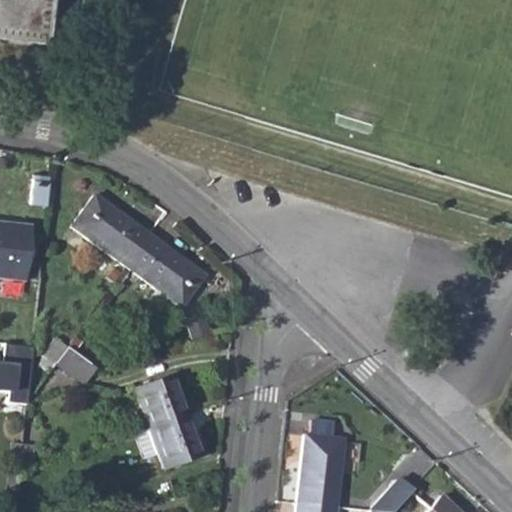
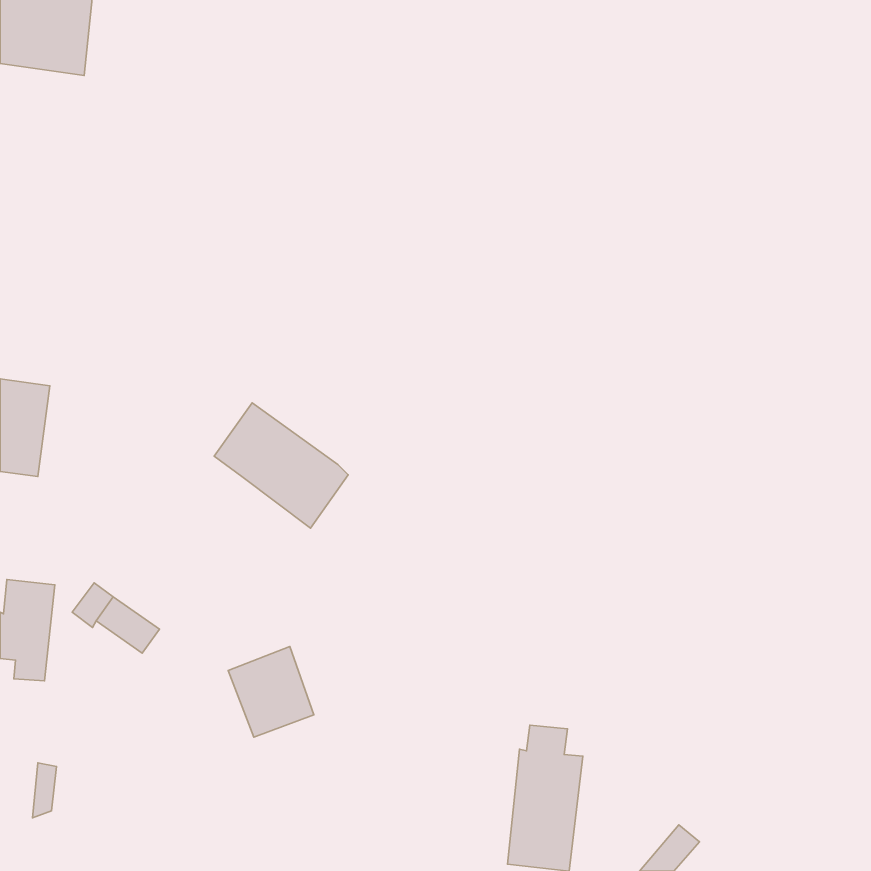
building: [72,193,150,266] -> none
building: [136,417,200,468] -> none

